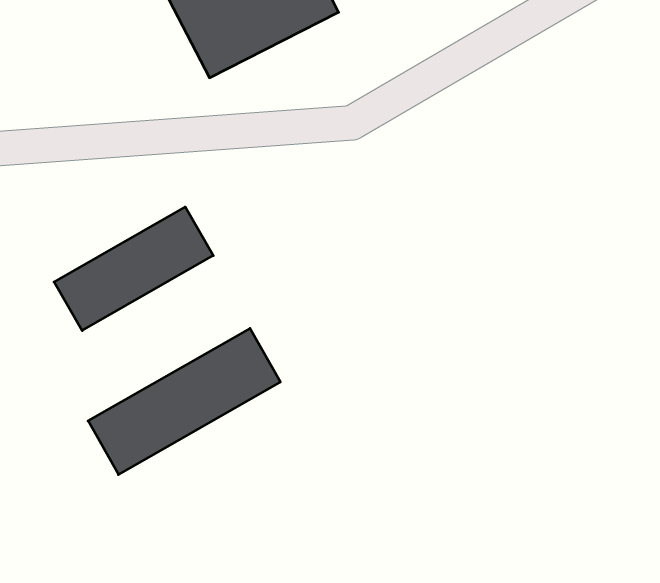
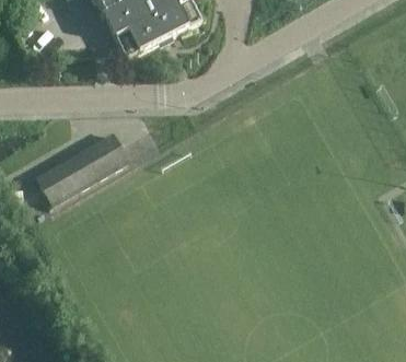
building: [88,328,280,475] -> none

